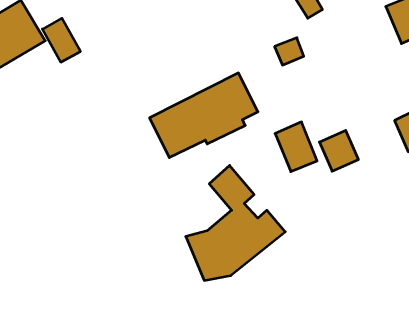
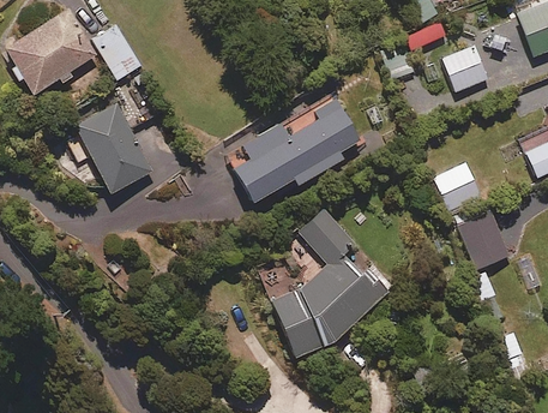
building: none -> [444,48,489,94]
building: none -> [77,104,153,194]
building: [275,122,317,172] -> [459,213,511,274]

